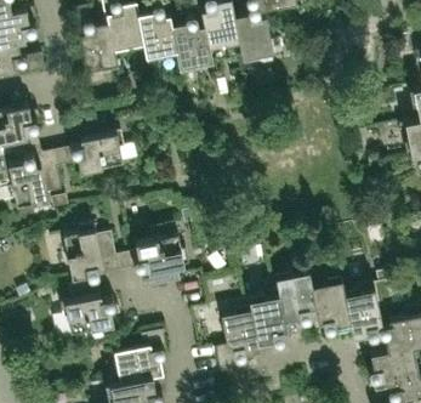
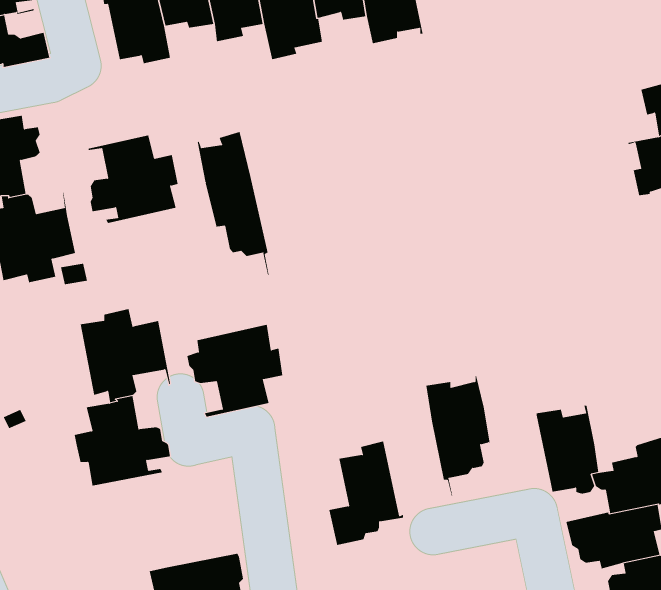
building: none -> [197,131,269,276]
building: [311,277,351,336] -> none
building: [248,295,285,354] -> none
building: [112,333,166,386] -> none

